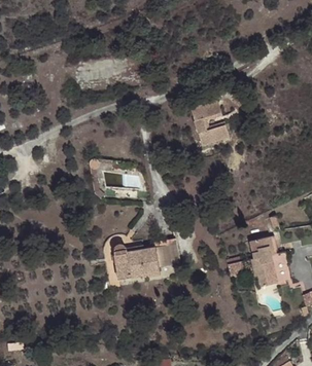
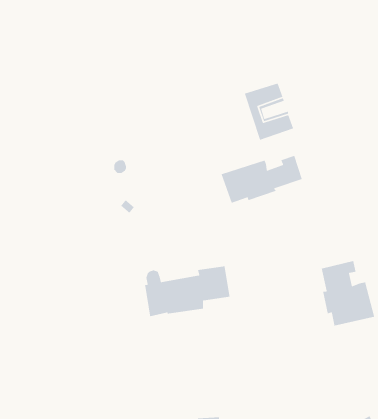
building: none -> [220,155,303,204]

